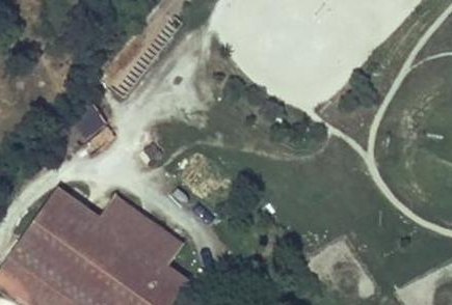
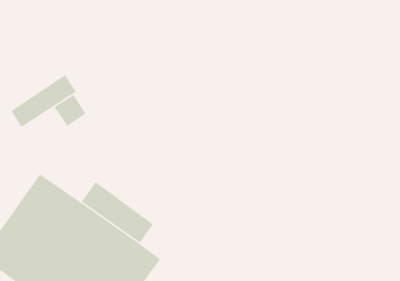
building: none -> [10,74,77,128]

